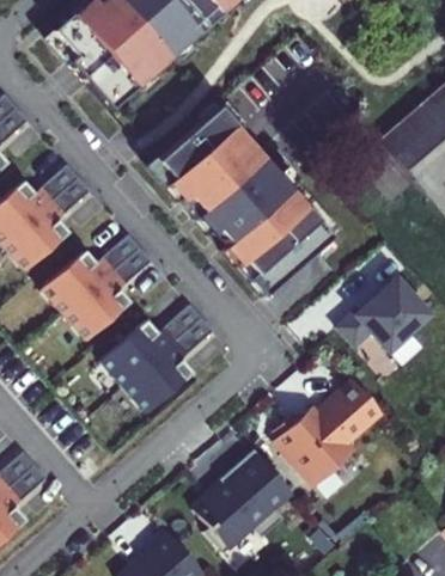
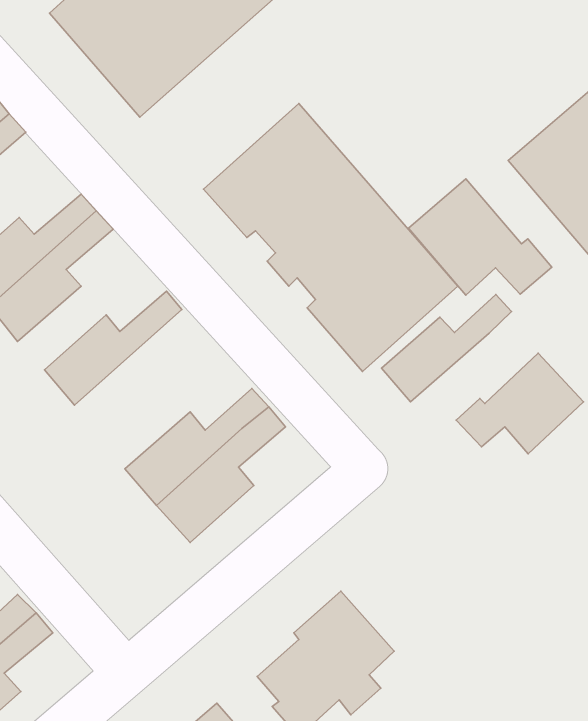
building: none -> [408,179,552,295]
building: none -> [382,295,512,402]
building: [63,249,152,341] -> none
building: [273,379,379,488] -> none

